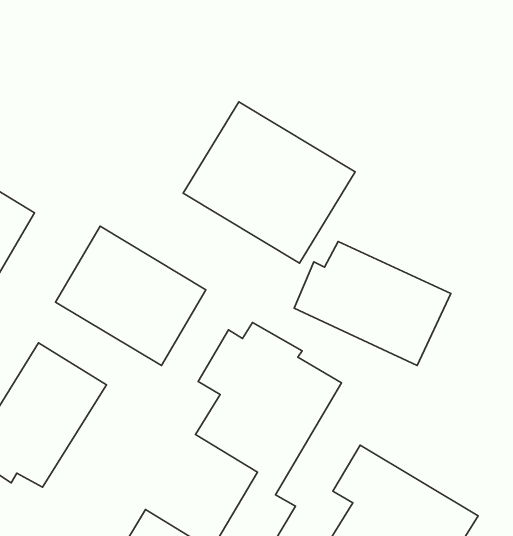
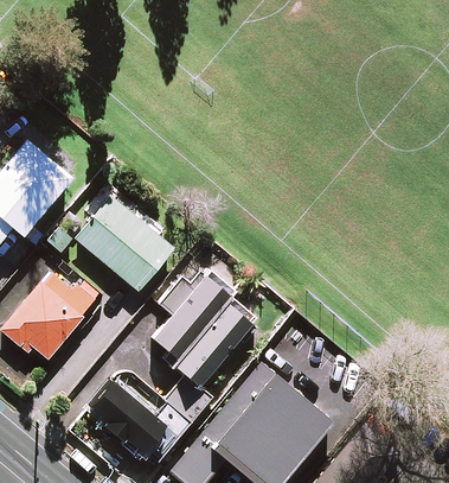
building: [183,102,355,263] -> none
building: [294,242,451,366] -> none

